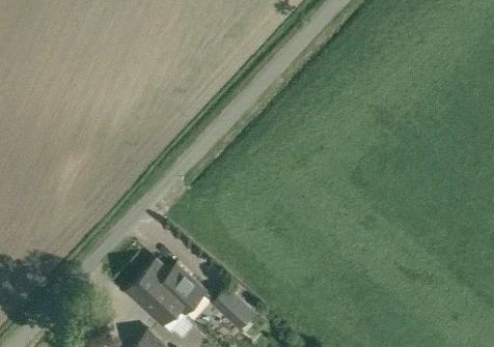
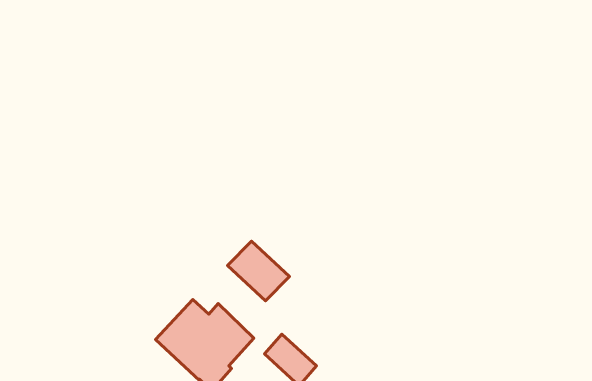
building: none -> [227,241,289,301]

